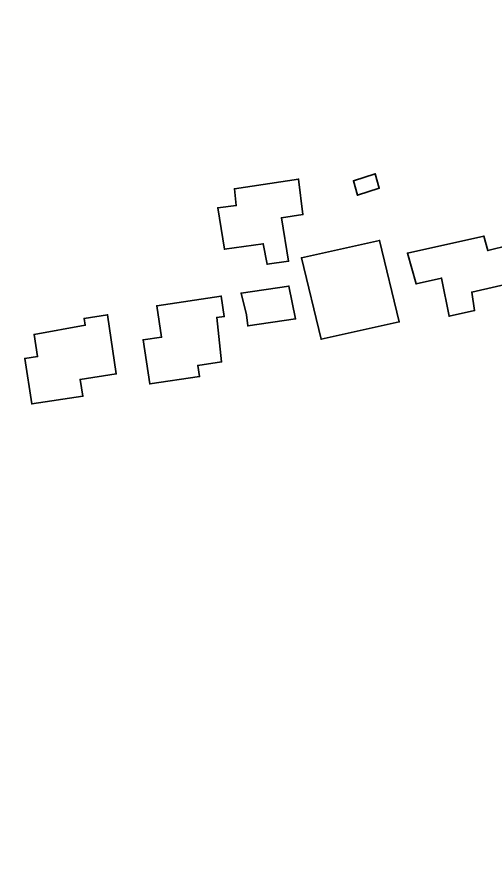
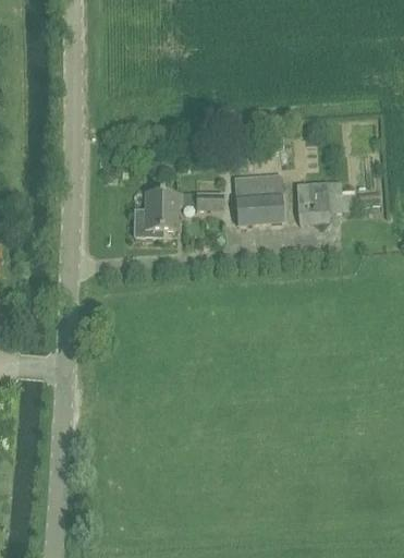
building: [218,179,303,264] -> none
building: [25,315,116,404] -> none

